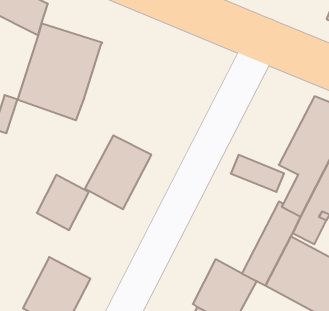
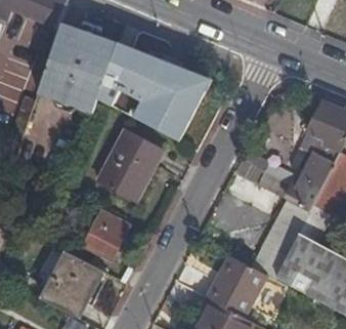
building: none -> [99,47,209,142]
building: [37,175,89,230] -> [85,208,134,260]

